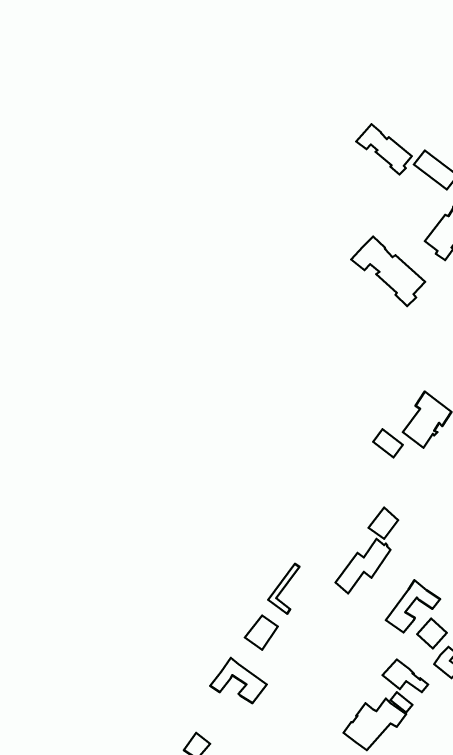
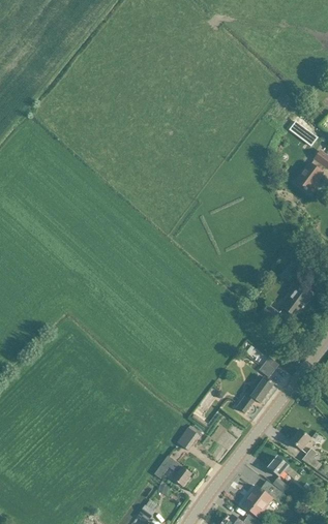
building: [356,124,412,175] -> none
building: [351,236,425,306] -> none
building: [386,580,440,632] -> none

